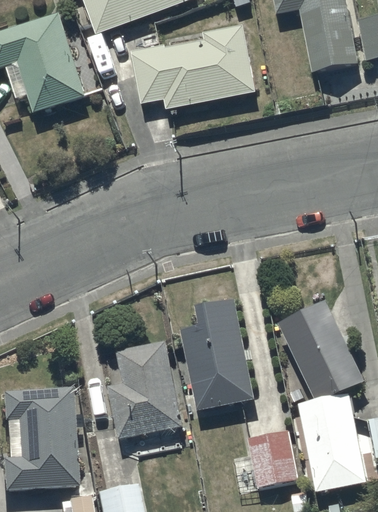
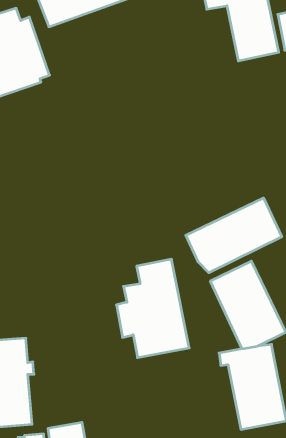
building: [130,23,256,108] -> none
building: none -> [186,198,282,273]
building: [107,341,182,439] -> none
building: [230,430,298,489] -> none

